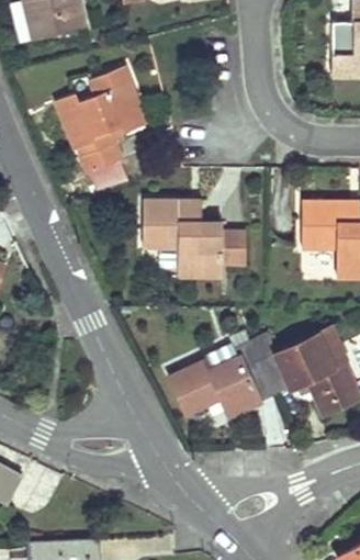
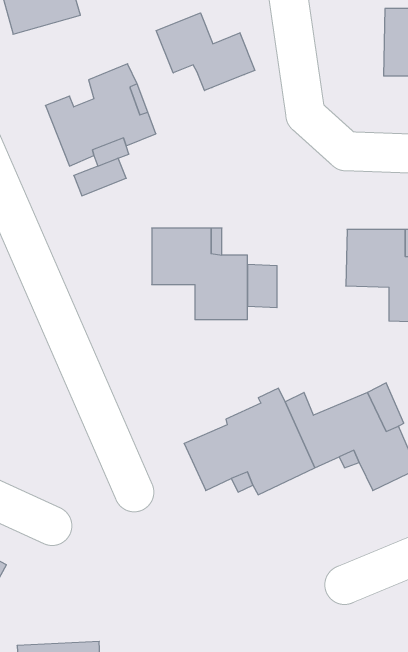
building: none -> [156,13,255,91]

